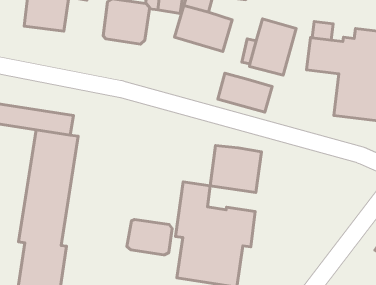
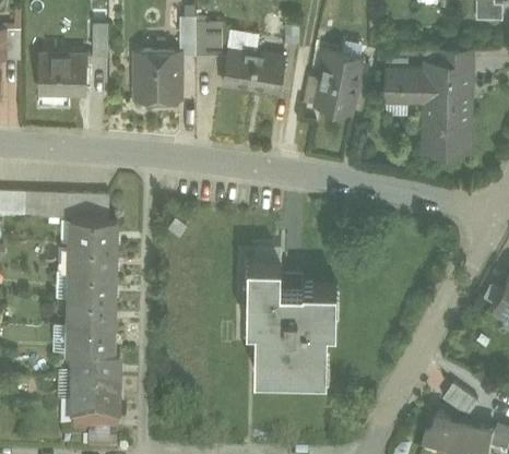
building: [218,73,272,112] -> none
building: [210,145,262,192] -> none
building: [127,219,172,255] -> none

